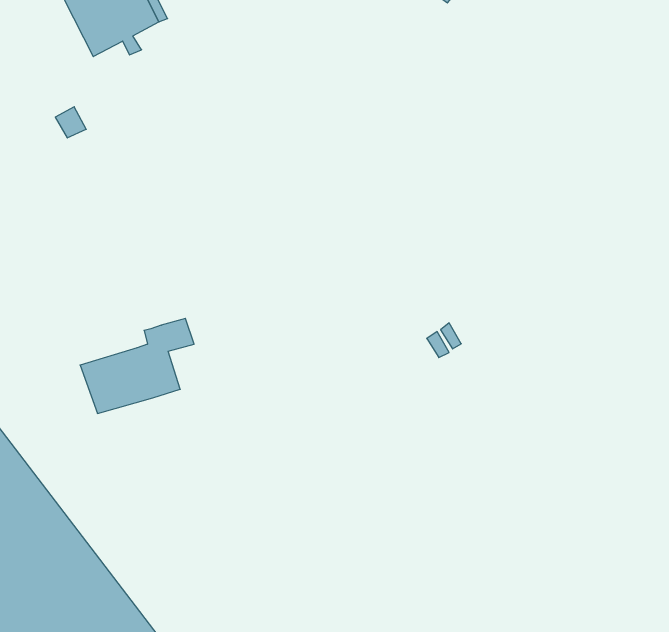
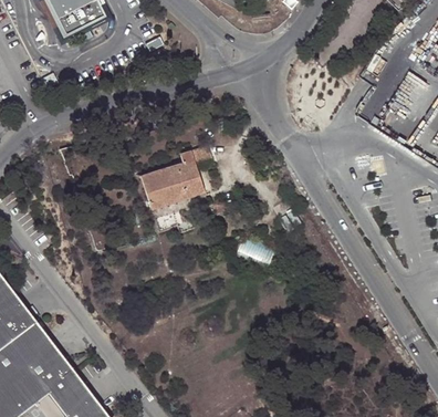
building: [80,318,194,413] -> [140,146,213,207]

